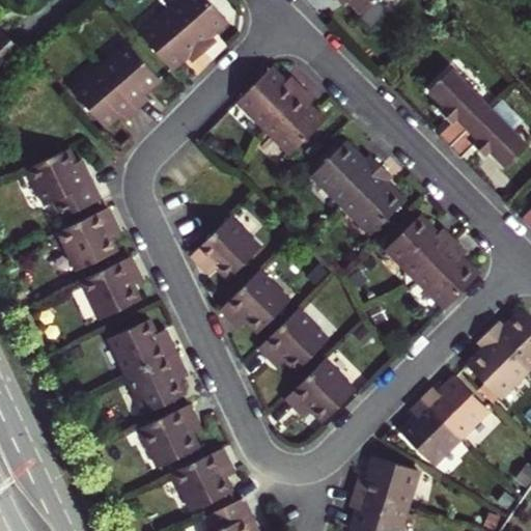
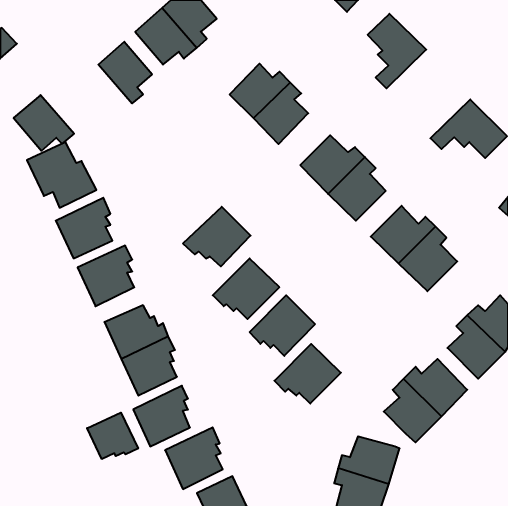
building: [429,68,491,146] -> [368,14,426,88]
building: [75,69,138,128] -> [14,95,74,151]
building: none -> [87,413,138,459]

